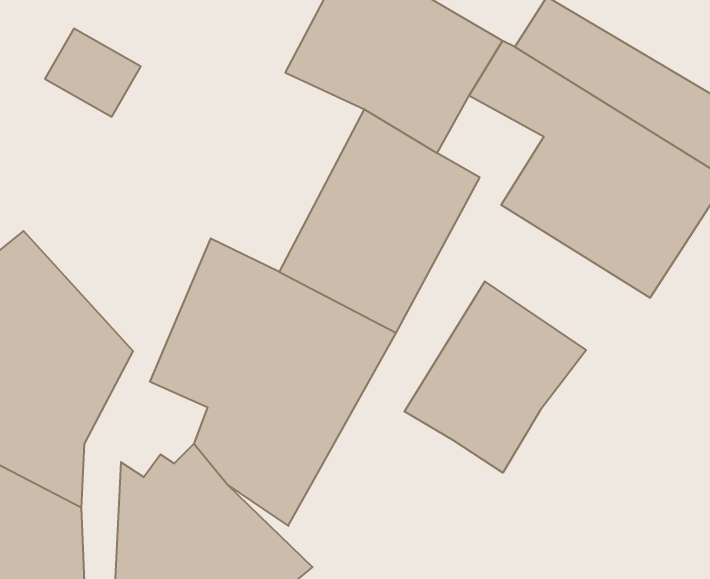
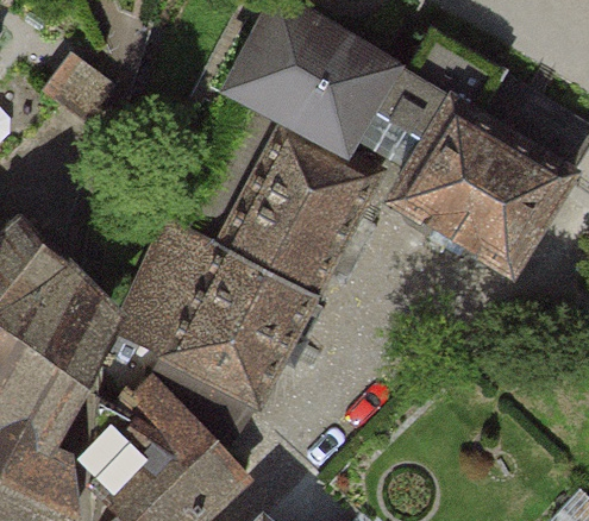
building: [404,281,586,473] -> none

